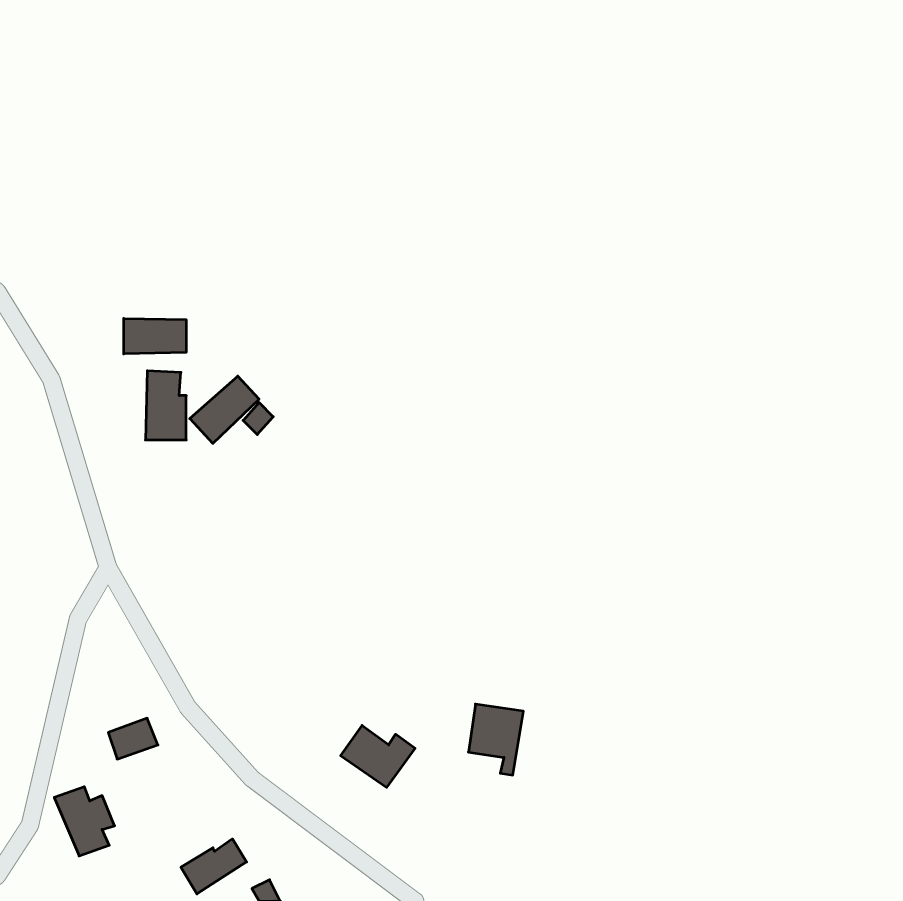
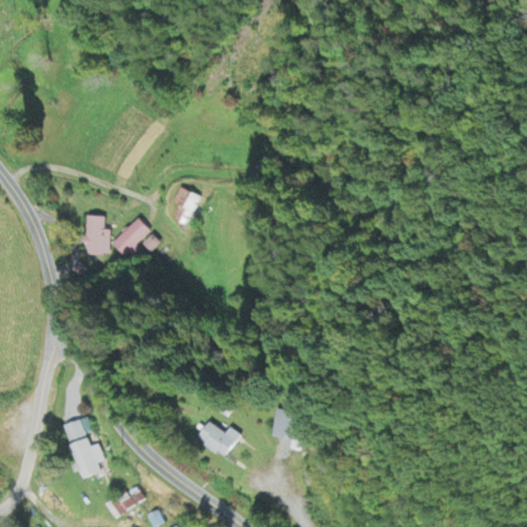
building: [124,318,186,354] -> none
building: none -> [173,187,198,224]
building: [54,787,115,856] -> [69,438,104,479]

